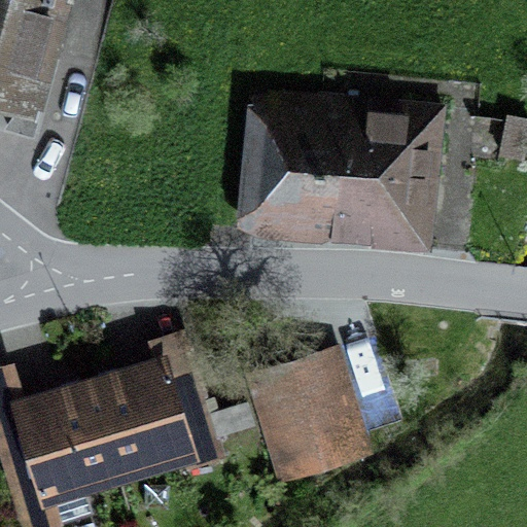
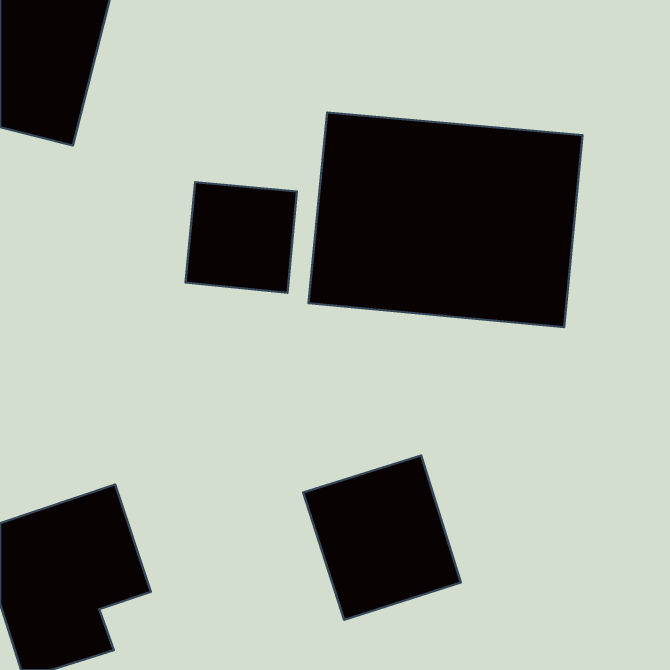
building: none -> [185,182,297,293]
building: [95,347,213,460] -> none

